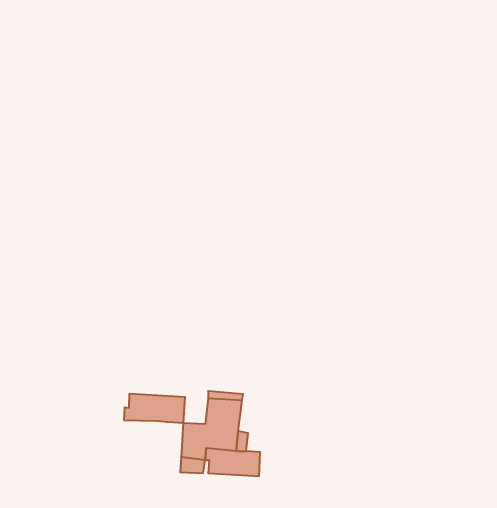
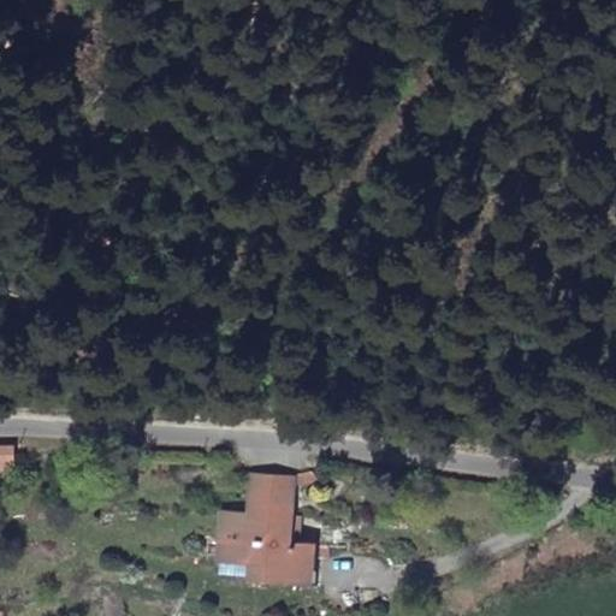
building: [124,394,185,423] -> none

